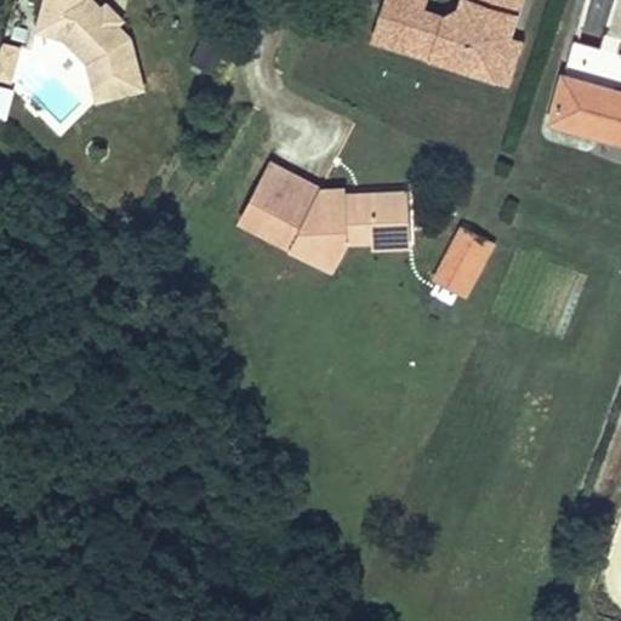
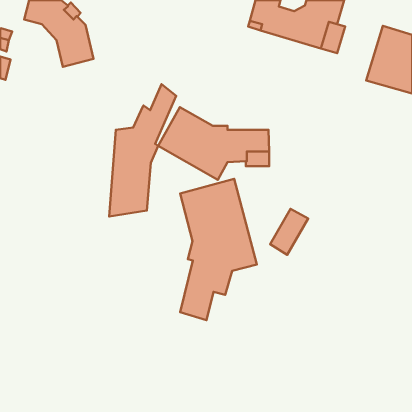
building: none -> [109,84,176,216]
building: [431,232,488,301] -> [270,209,308,255]
building: none -> [180,179,257,320]

